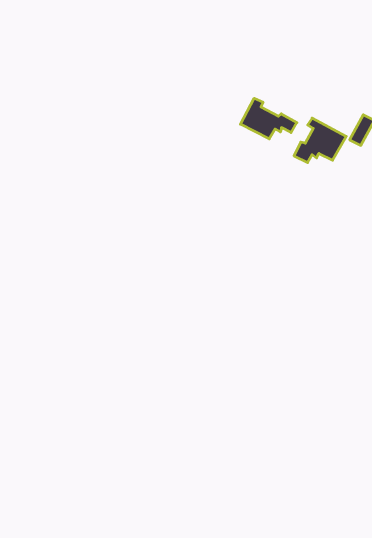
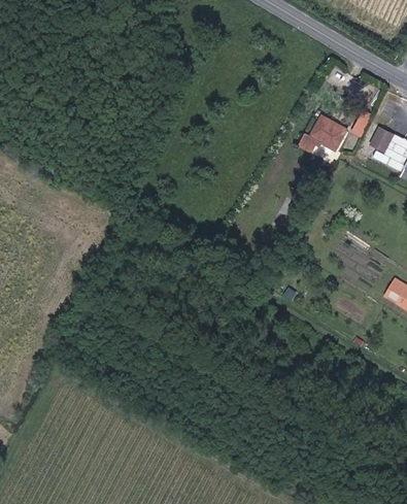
building: [240,98,297,139] -> none

